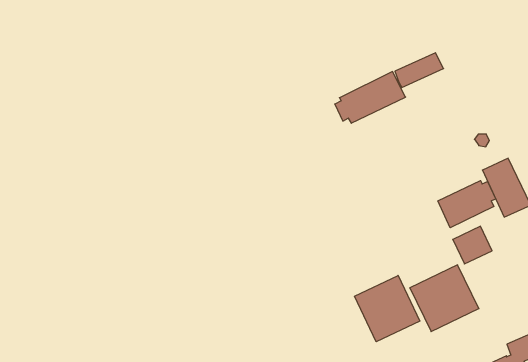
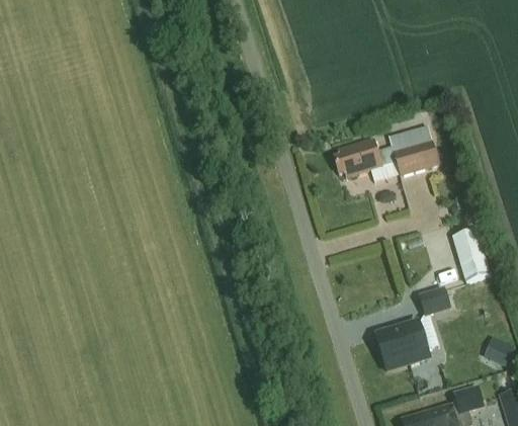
building: none -> [393,141,439,176]
building: [438,181,496,228] -> none
building: [354,275,420,342] -> none

